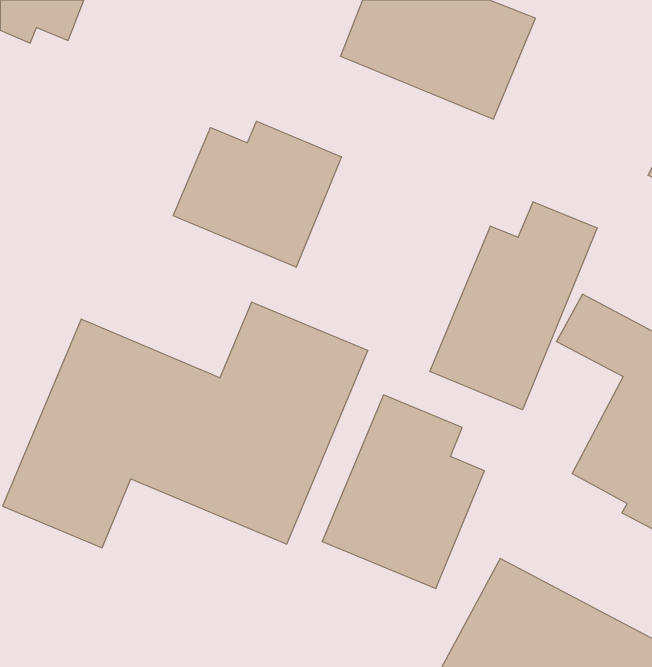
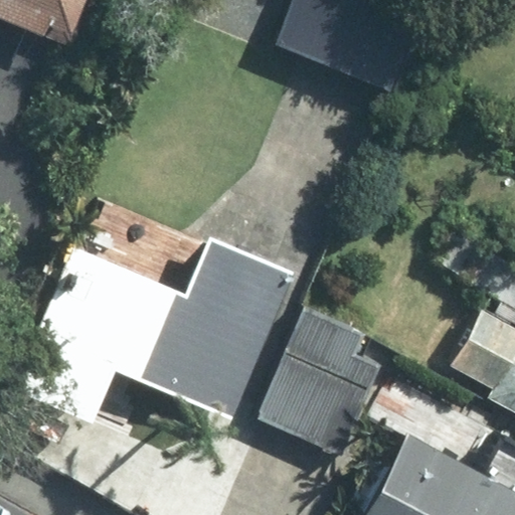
building: [173,121,342,267] -> none
building: [430,202,597,410] -> none

